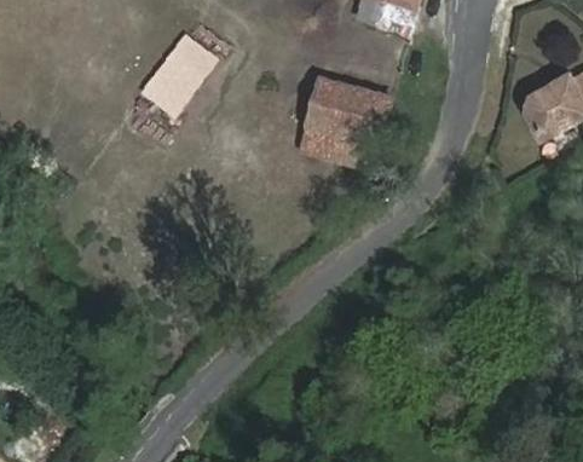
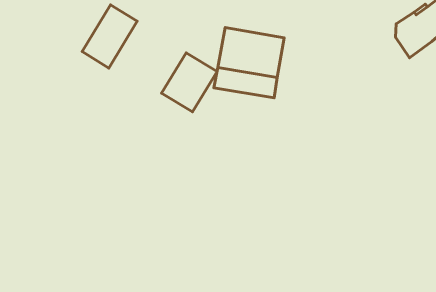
building: none -> [162,53,217,112]

